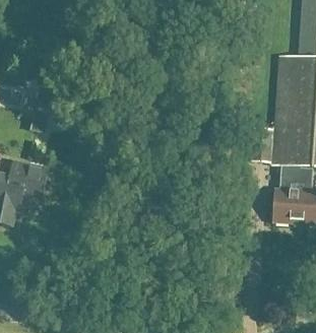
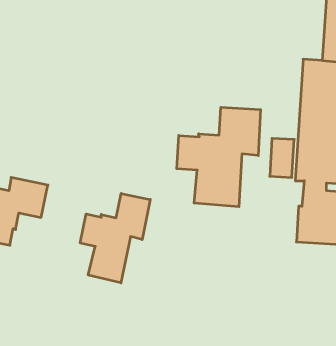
building: none -> [177,107,261,207]
building: none -> [80,193,150,283]

